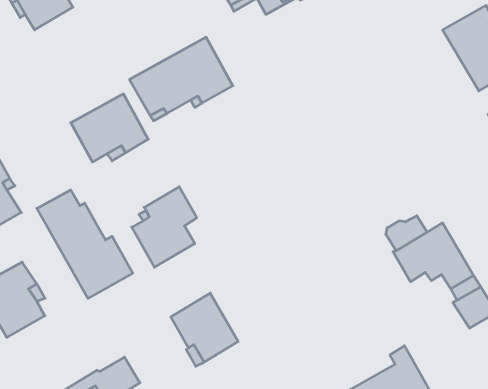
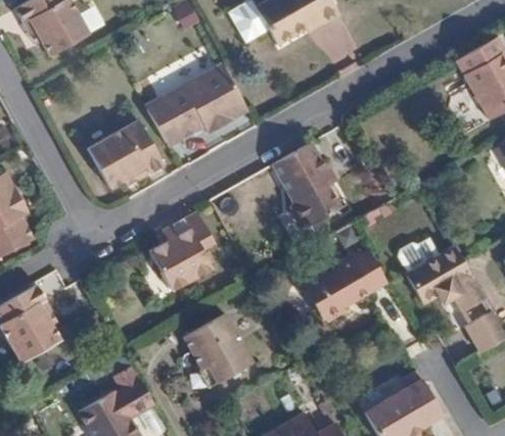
building: none -> [270,140,339,224]
building: [37,190,133,298] -> none
building: none -> [302,251,385,325]

